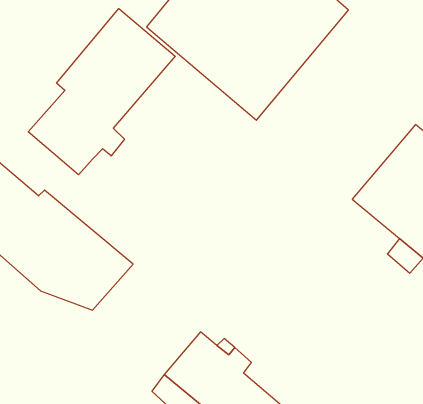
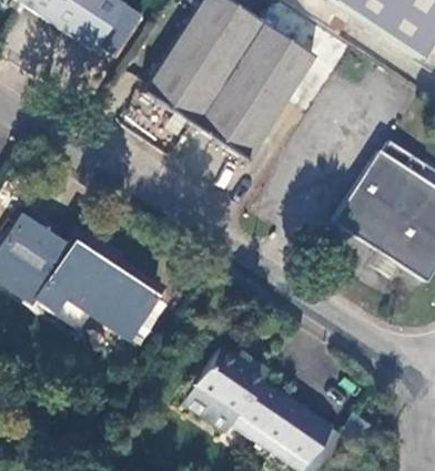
building: [28,9,175,175] -> none

